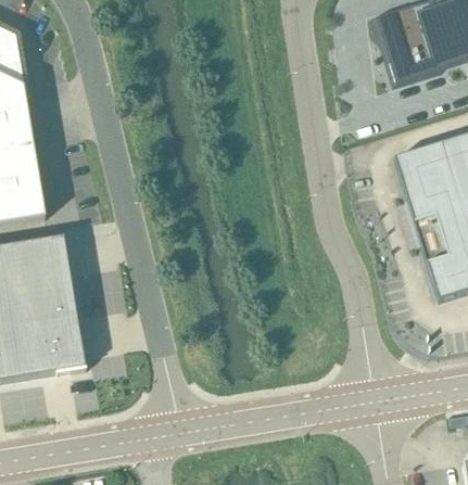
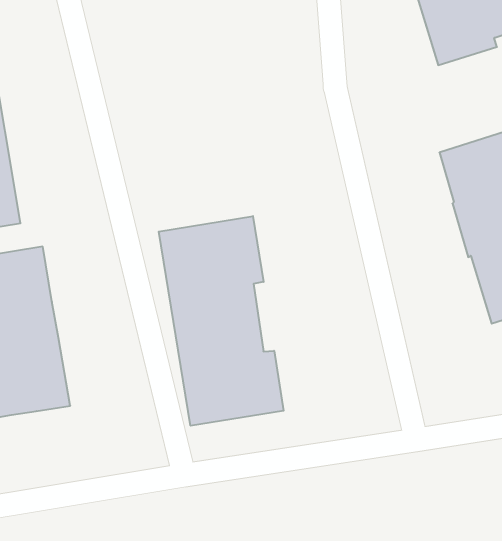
building: none -> [159,216,284,426]

